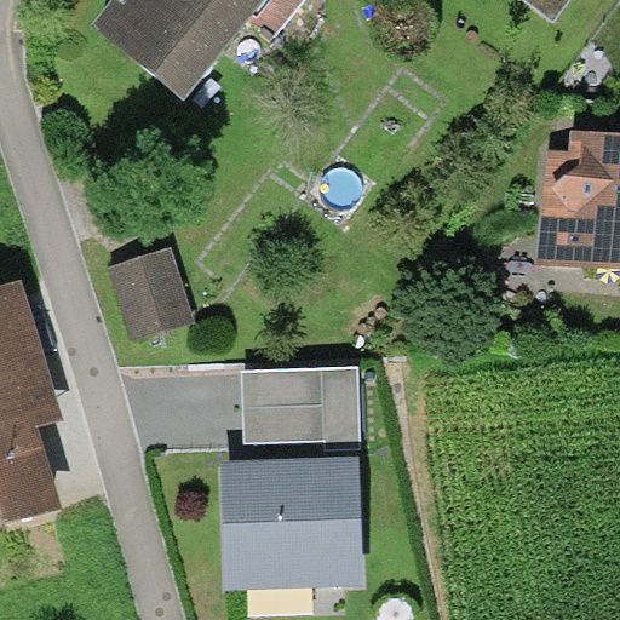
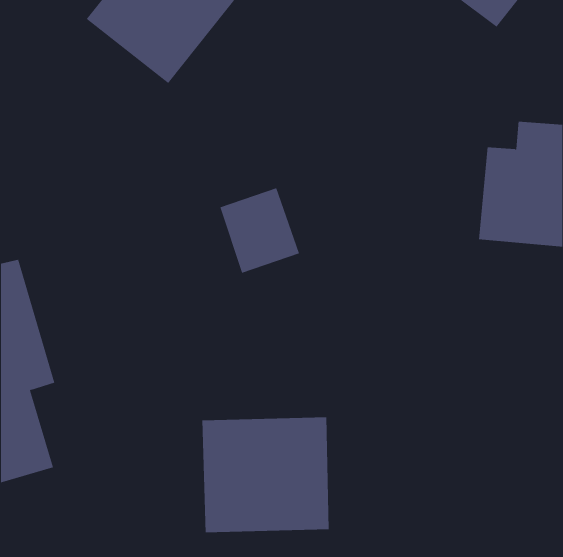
building: [107,246,195,340] -> [220,187,300,273]
building: [242,364,361,446] -> none

